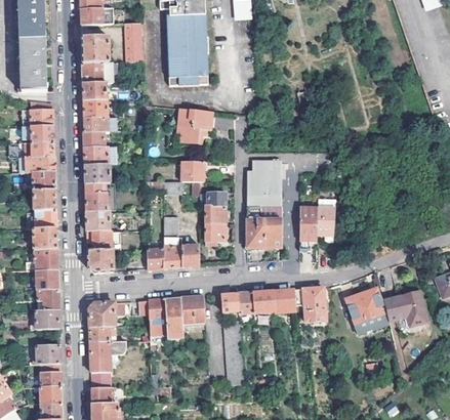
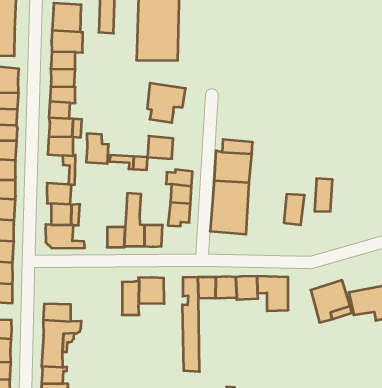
building: [85,183,107,211] -> [86,134,109,164]
building: [299,215,315,247] -> [315,179,332,211]
building: [138,299,167,341] -> none
building: [89,302,125,328] -> none

